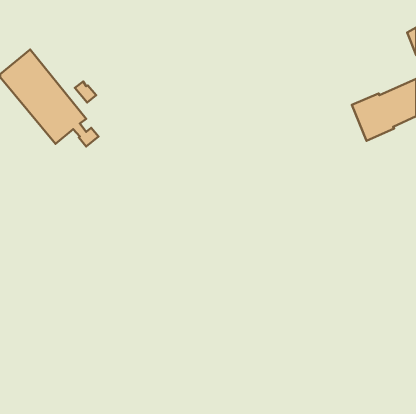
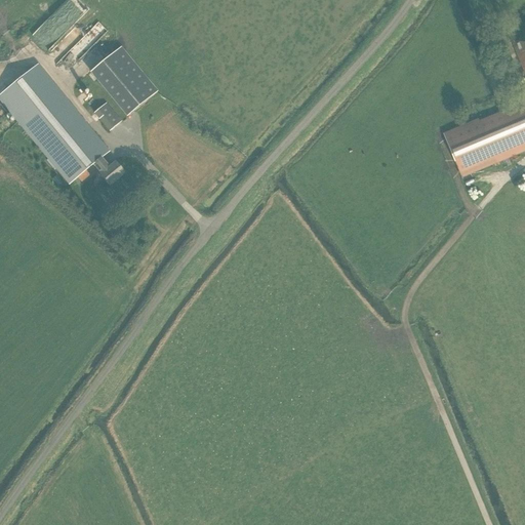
building: none -> [32,10,75,53]
building: none -> [90,47,156,116]

